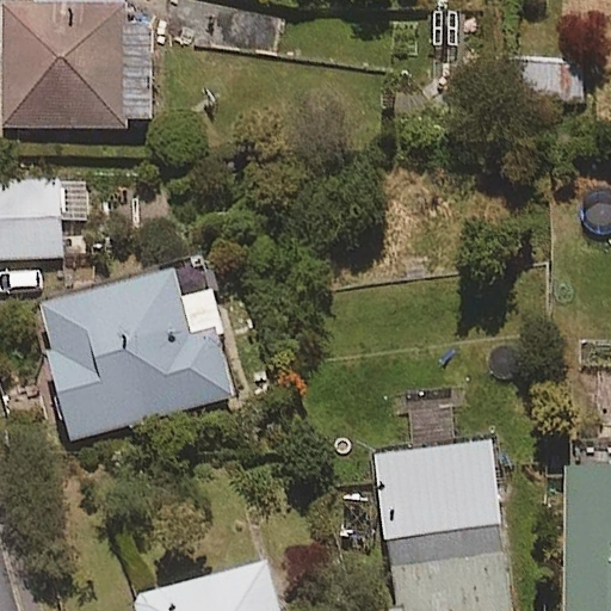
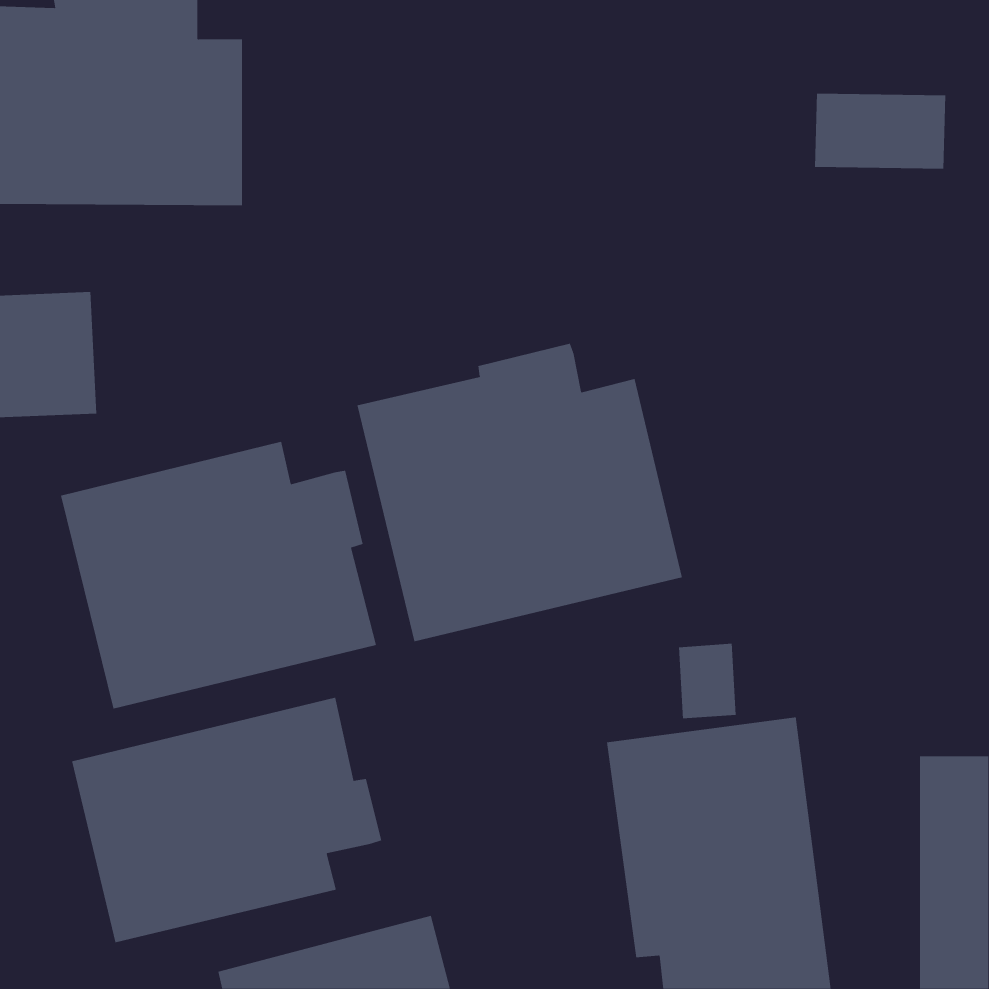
building: none -> [357,343,682,642]
building: none -> [71,697,382,943]

